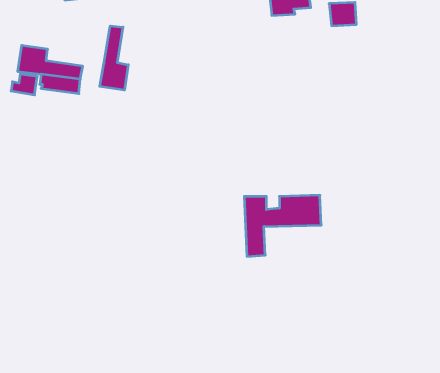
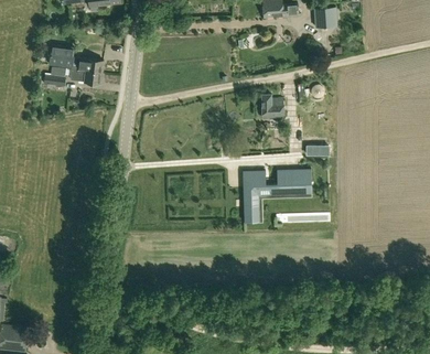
building: [100,26,128,90] -> none
building: none -> [261,94,283,118]

